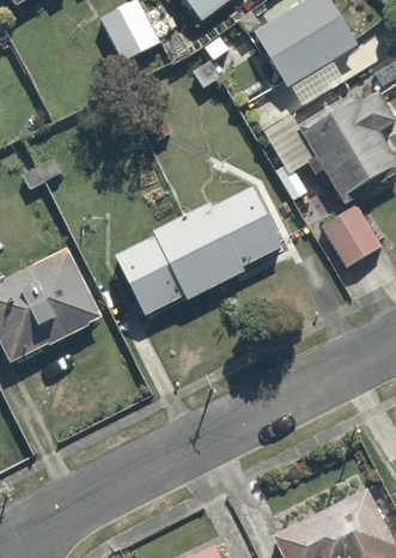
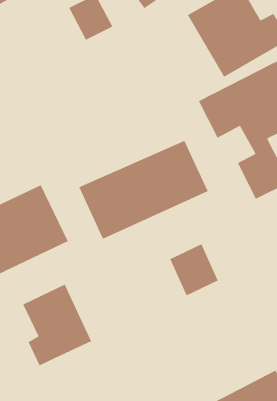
building: none -> [169,243,219,297]
building: none -> [22,283,92,367]

